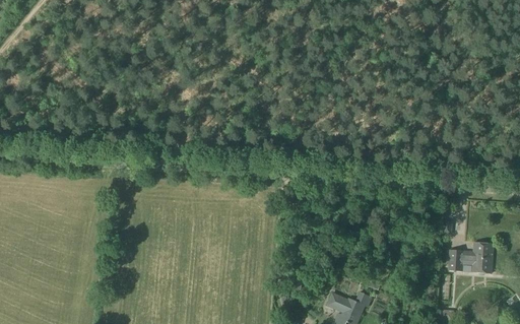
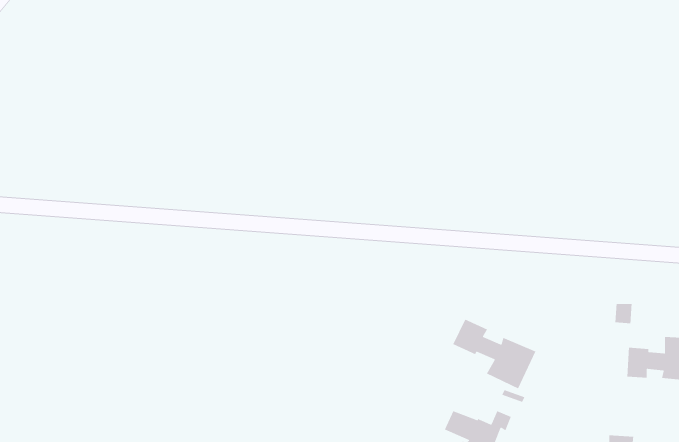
building: none -> [452,318,536,390]

